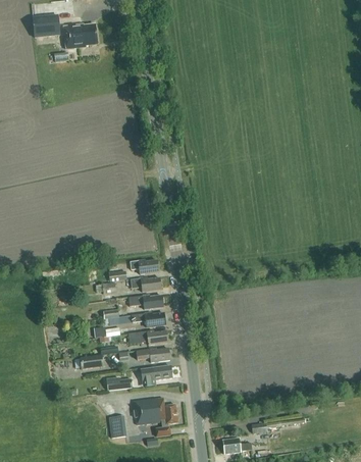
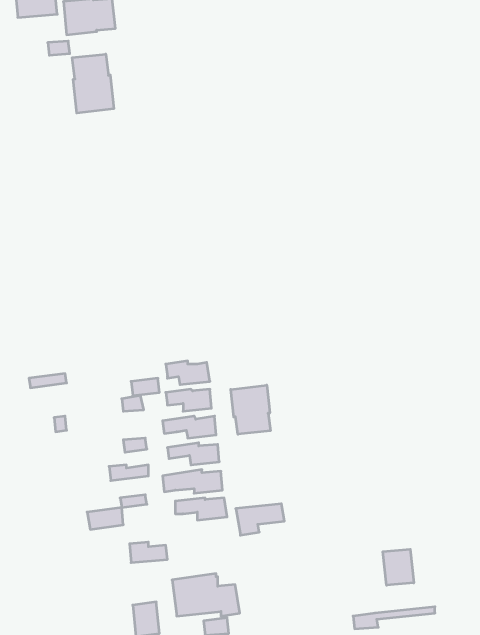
building: none -> [72,54,114,113]
building: none -> [231,385,270,434]
building: [141,366,172,387] -> [236,504,284,535]
building: none -> [383,549,414,585]

